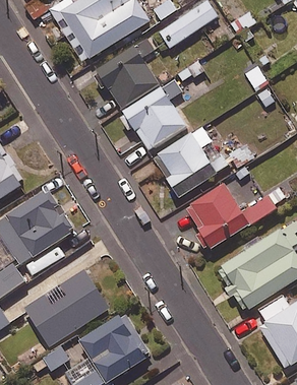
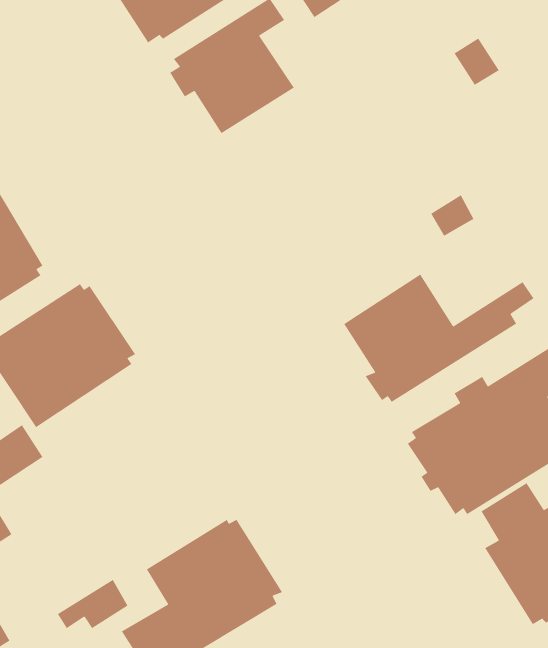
building: [119,81,184,150] -> none
building: [155,128,229,196] -> none
building: [25,266,112,344] -> none

